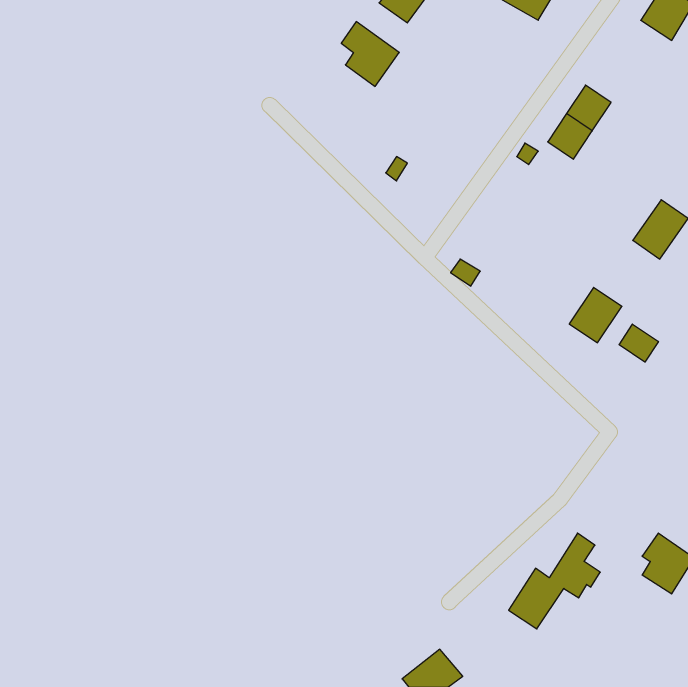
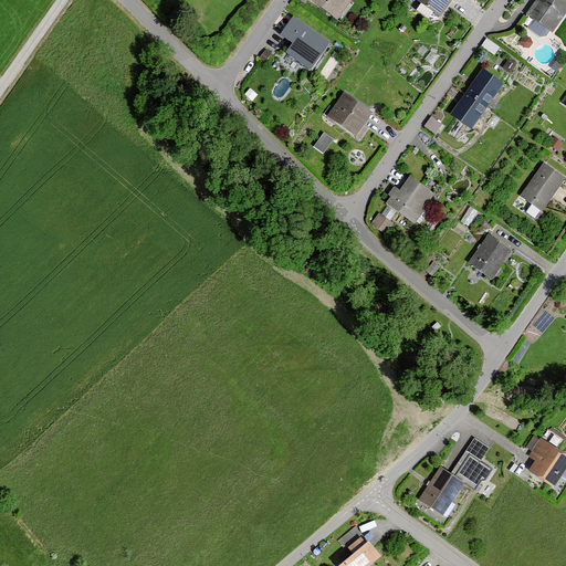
building: none -> [326,93,373,137]
building: none -> [388,176,436,224]
building: [619,324,658,362] -> none

